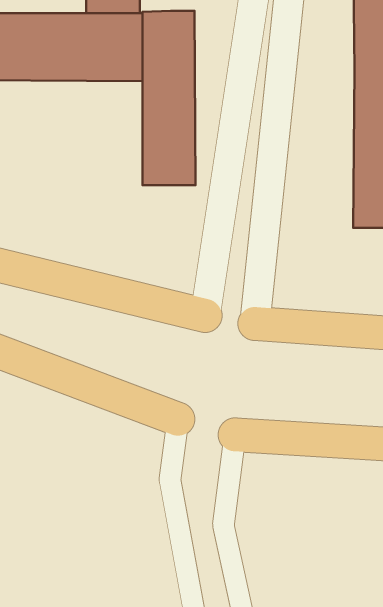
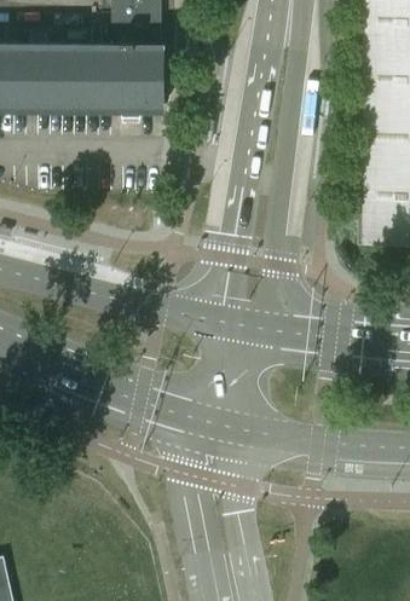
building: [142,11,195,185] -> none

